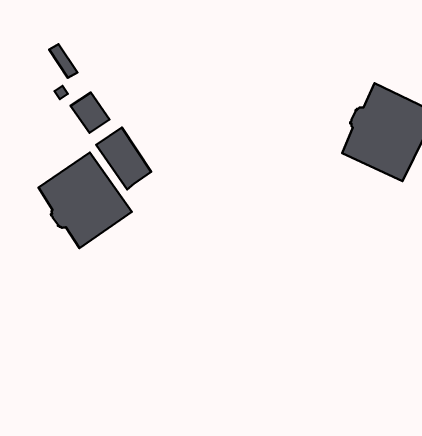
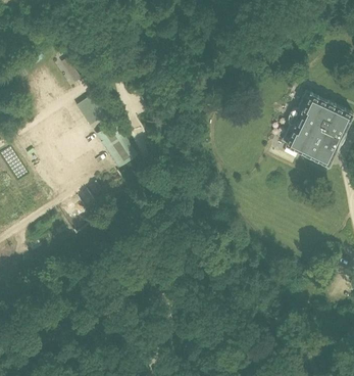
building: [39,153,132,248] -> none

